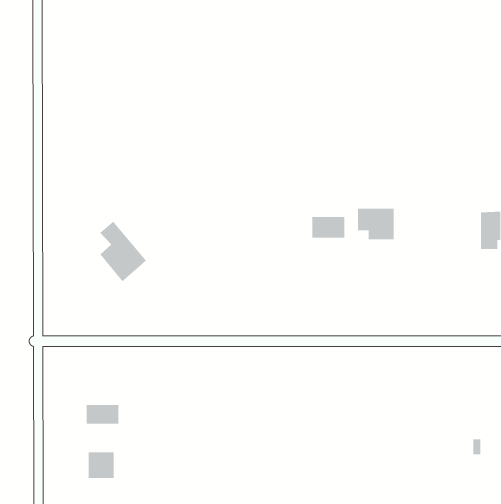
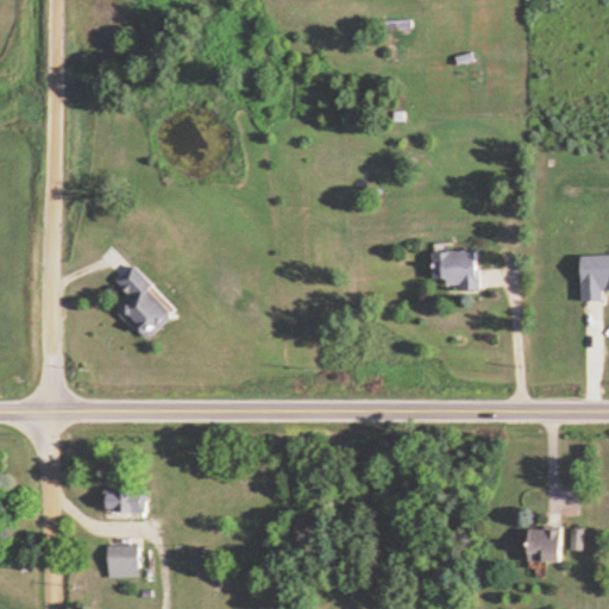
building: [312,216,345,238] -> none
building: none -> [527,527,561,561]

